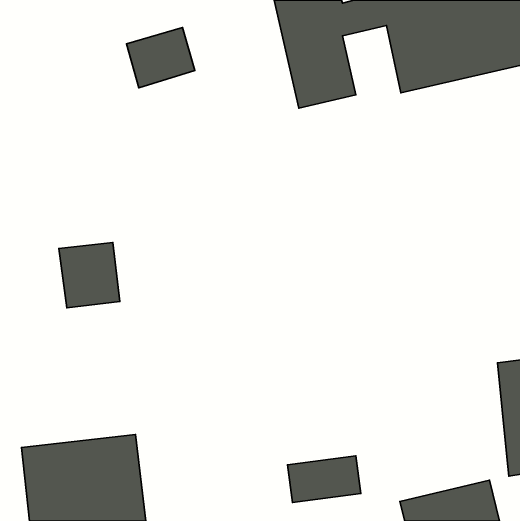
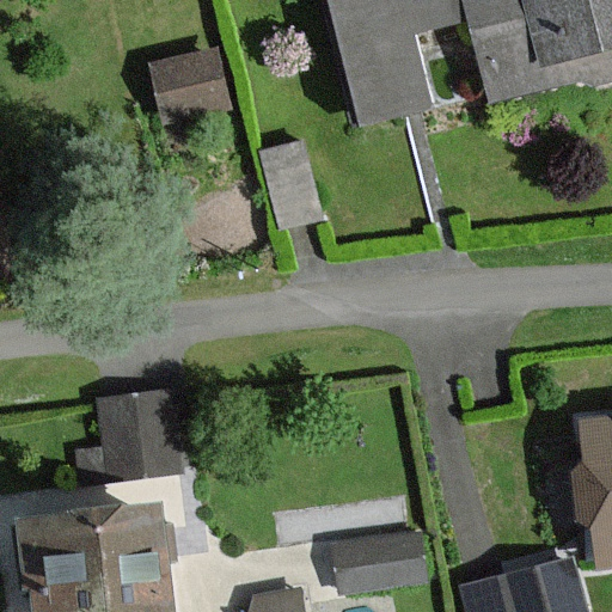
building: [59,242,120,308] -> [97,386,169,463]

